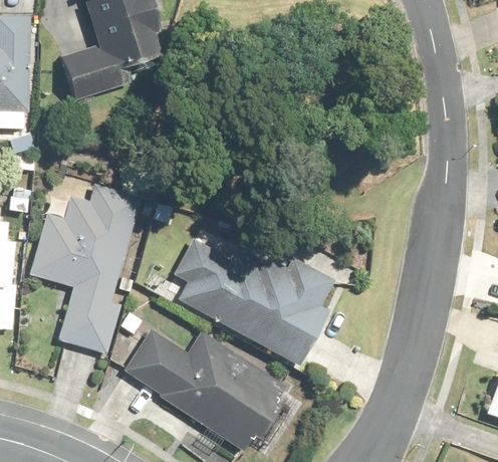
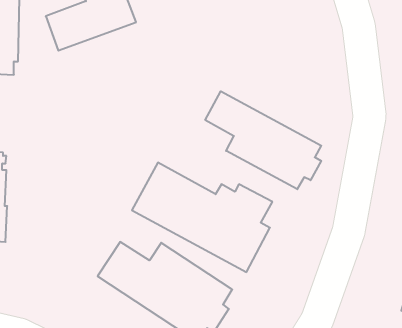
building: none -> [205,91,321,189]
building: [30,185,141,354] -> none

